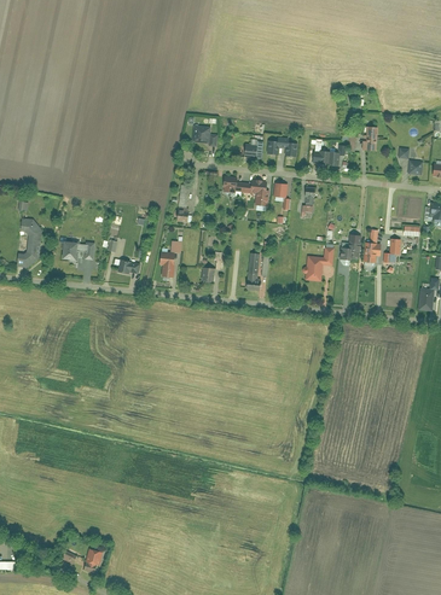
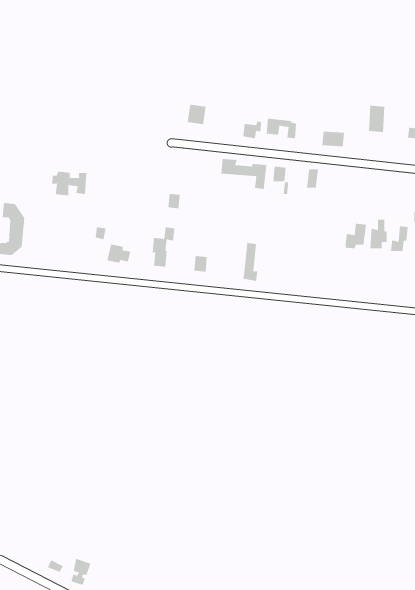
building: [62,238,95,261] -> [51,171,87,196]
building: [304,247,335,281] -> none

